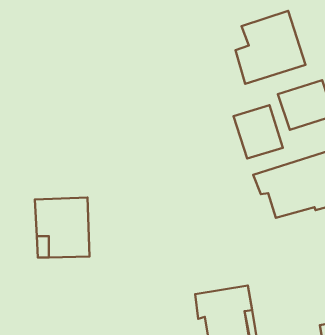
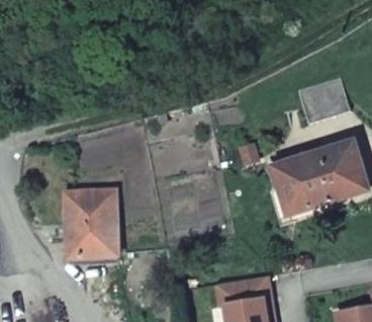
building: [235,11,306,84] -> none
building: [234,105,283,159] -> none

